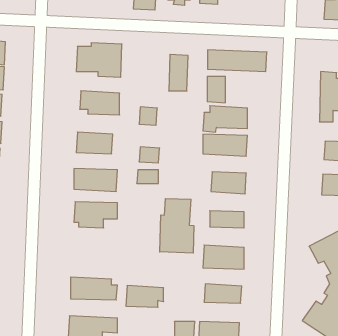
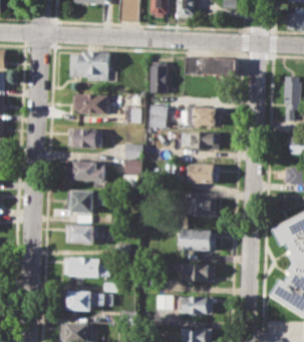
building: [207,76,225,103] -> [148,105,165,128]
building: [160,199,194,253] -> none
building: [126,286,164,307] -> [65,225,98,244]

